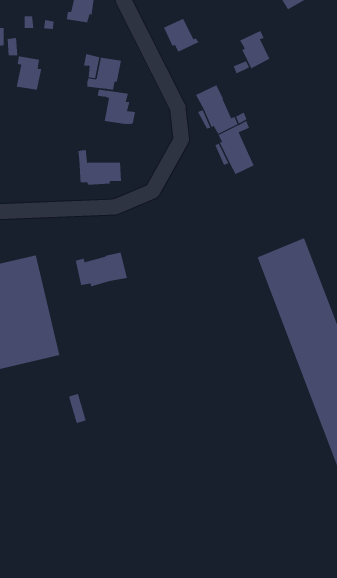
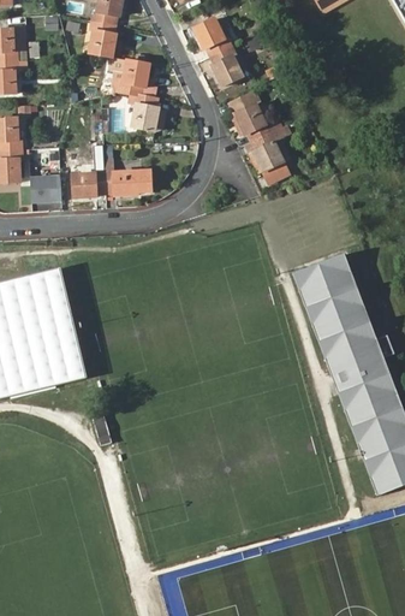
building: [239,30,270,69] -> [209,45,242,85]
building: [16,56,42,90] -> [89,20,117,57]
building: none -> [72,168,106,197]
building: none -> [30,176,61,202]
building: [75,252,127,287] -> none

